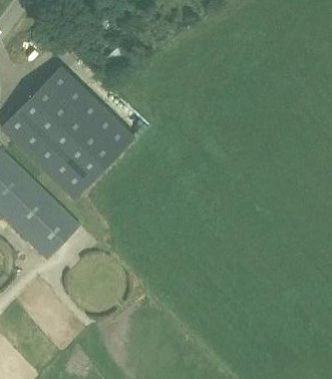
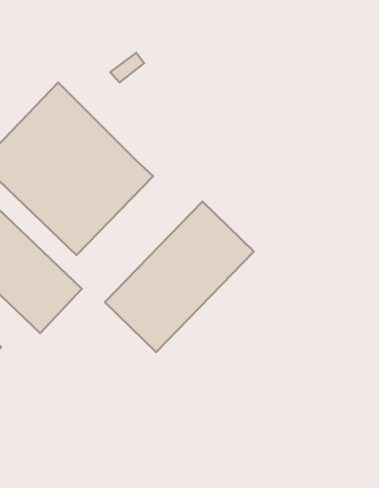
building: none -> [105,201,254,352]

